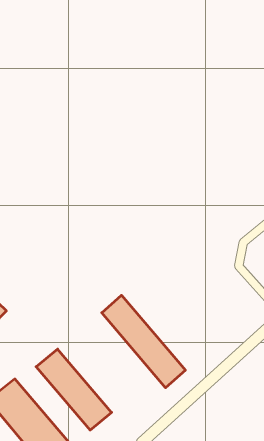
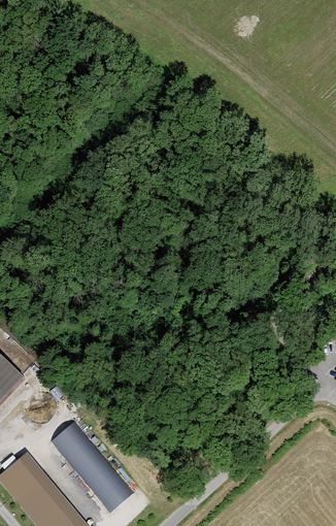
building: [102,295,185,388] -> none

